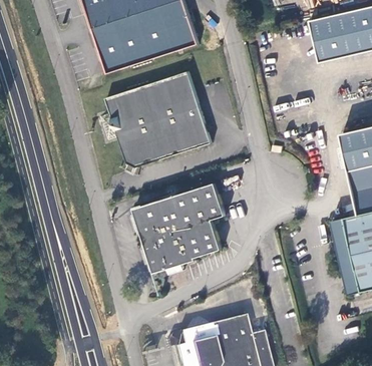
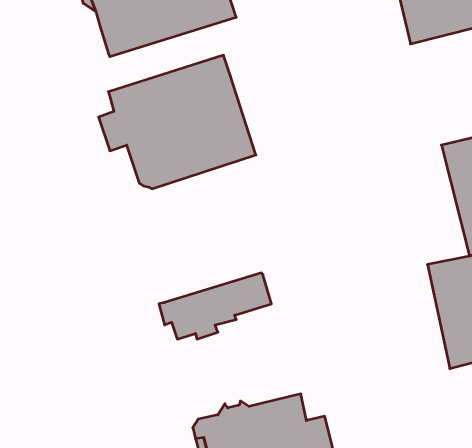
building: [133,180,228,246] -> none

